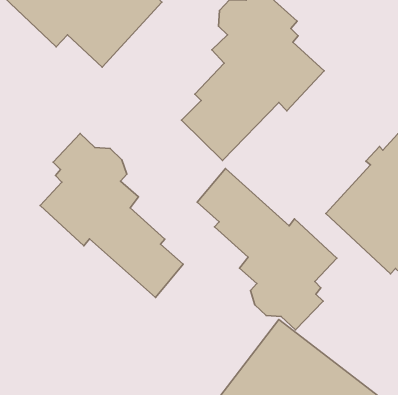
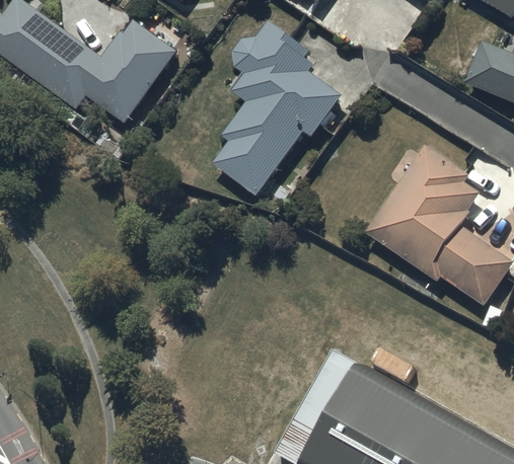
building: [40,134,183,298] -> none
building: [197,169,337,330] -> none

